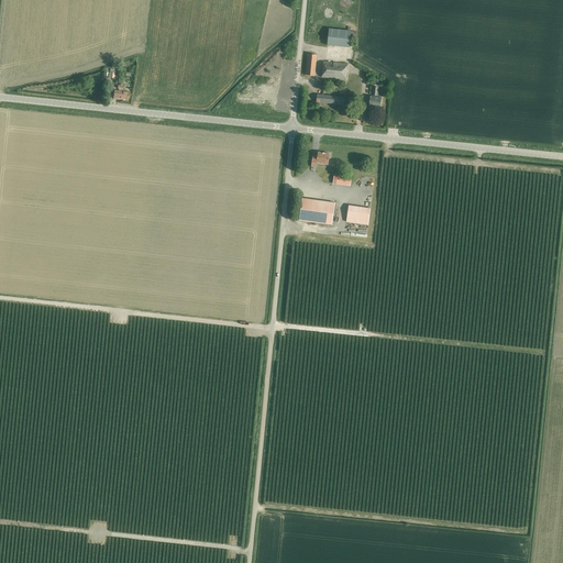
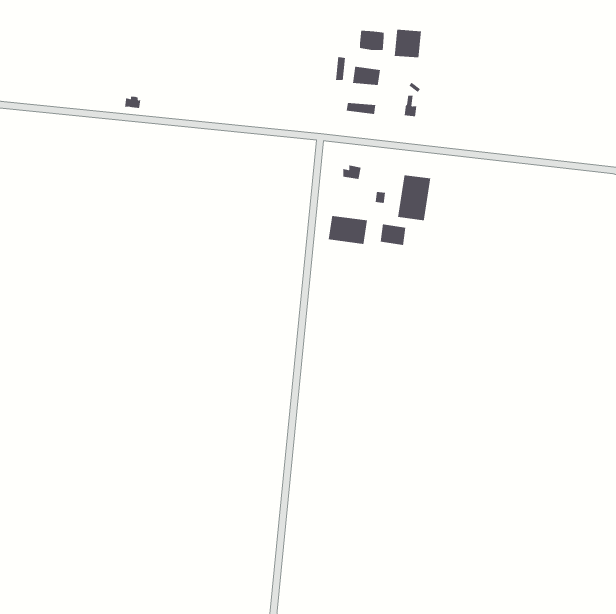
building: none -> [394,29,421,58]
building: none -> [398,174,431,221]

